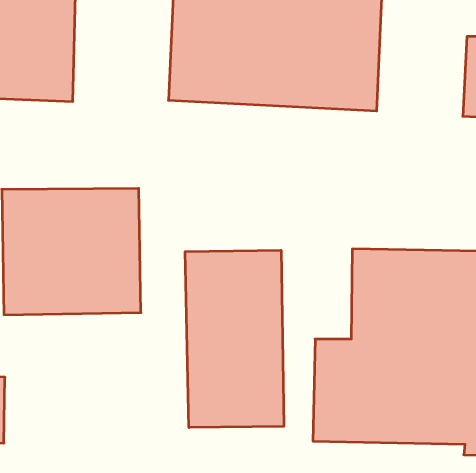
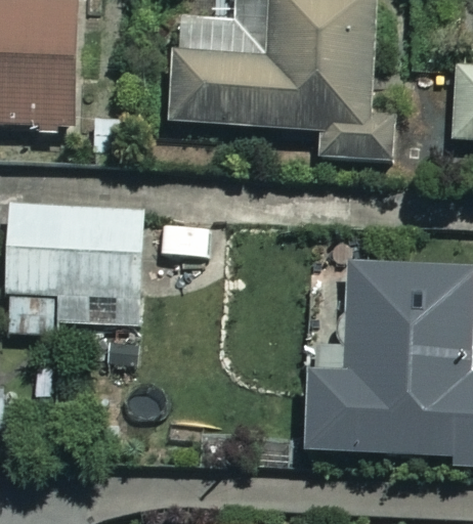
building: [185,250,284,428] -> none

